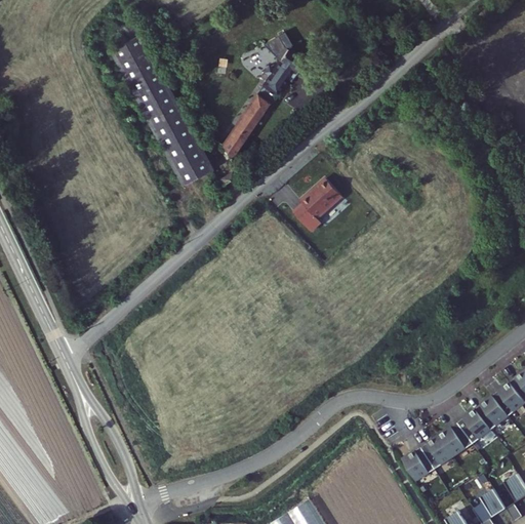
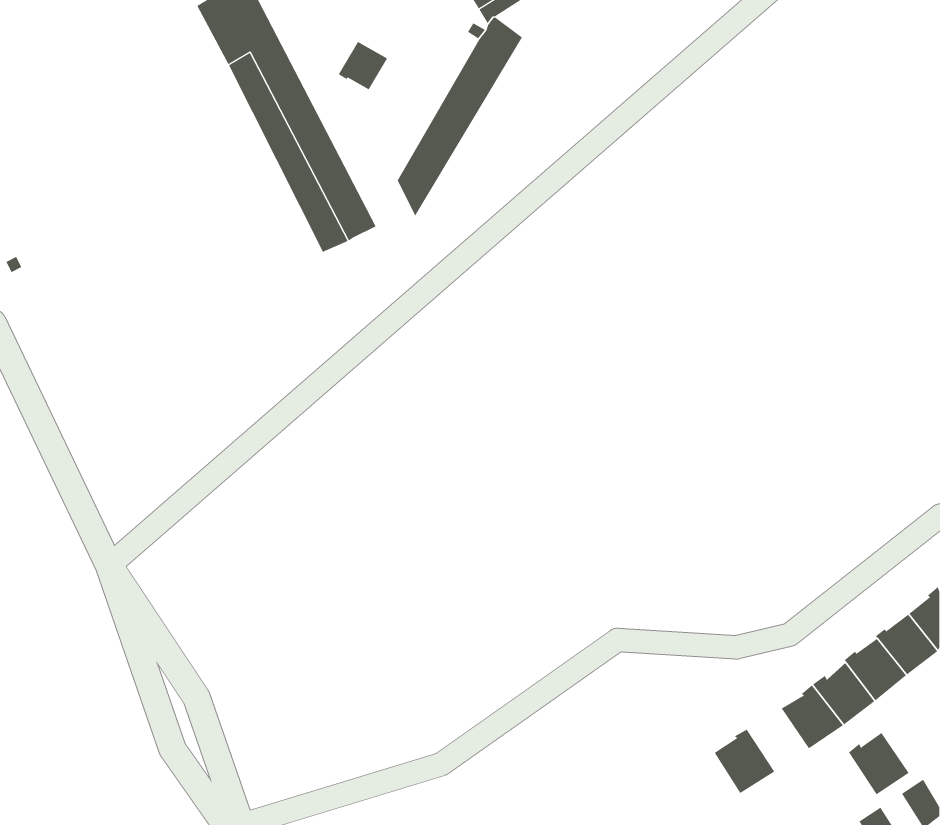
building: none -> [338,41,388,90]
building: [292,183,339,234] -> none
building: [417,437,451,472] -> [848,732,910,795]

